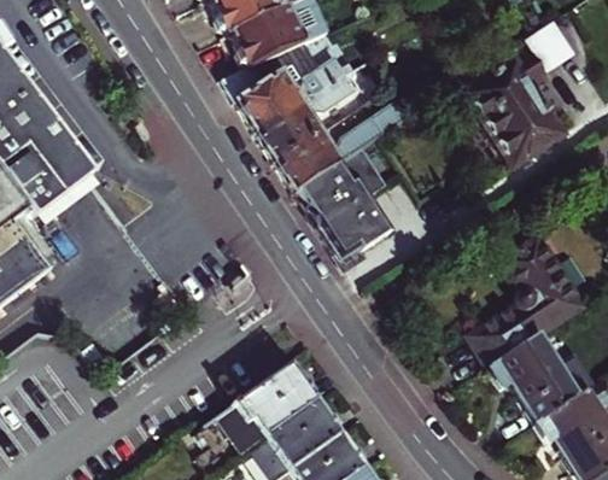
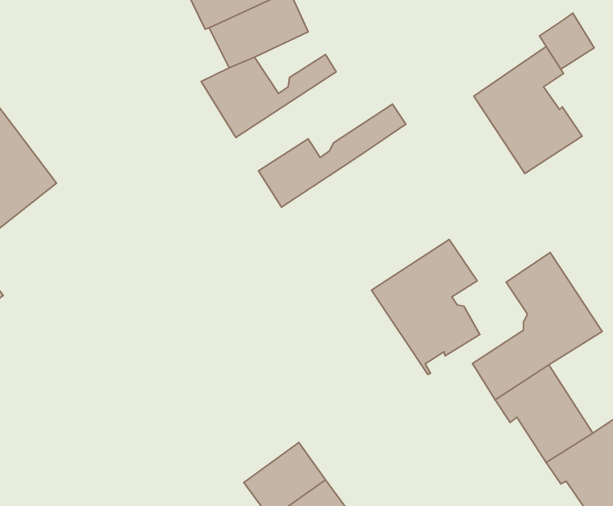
building: [258,69,361,158] -> none
building: [299,145,397,267] -> [372,239,480,375]
building: [205,369,315,455] -> none

